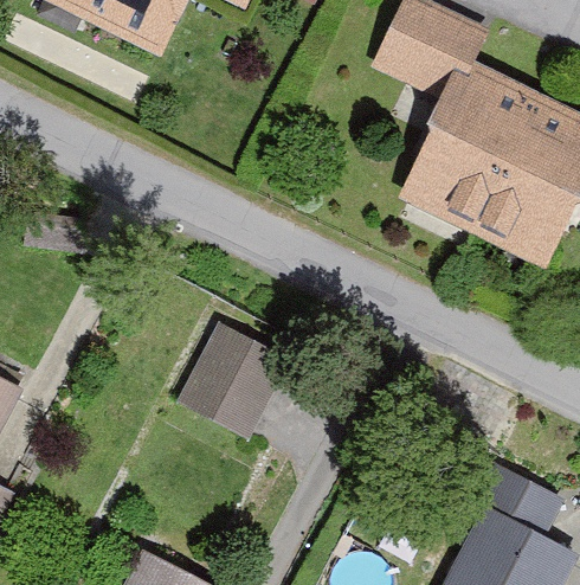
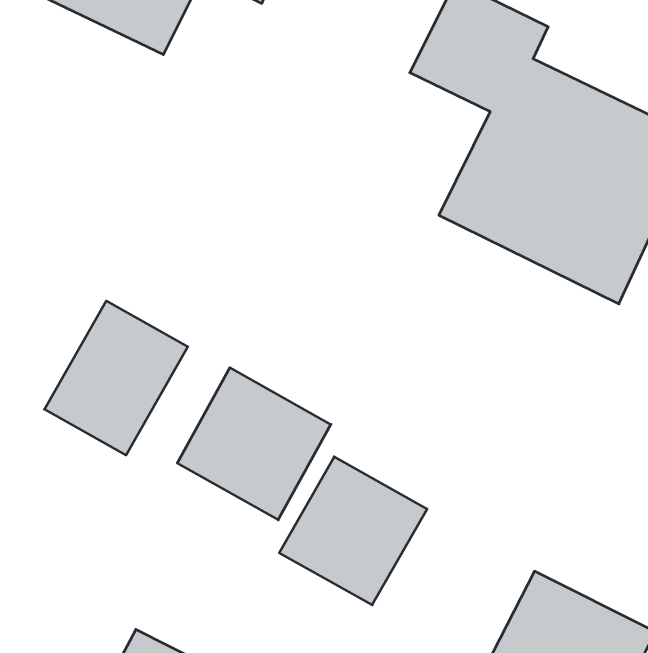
building: none -> [44,301,188,455]
building: none -> [279,457,427,605]

